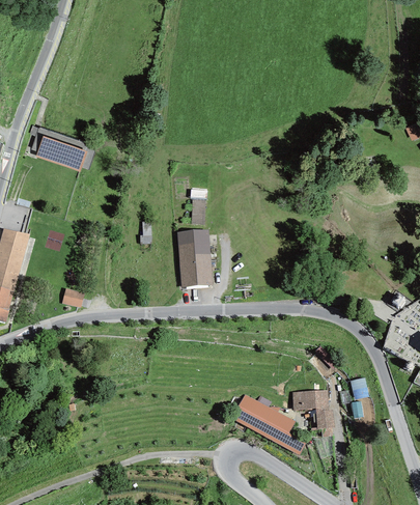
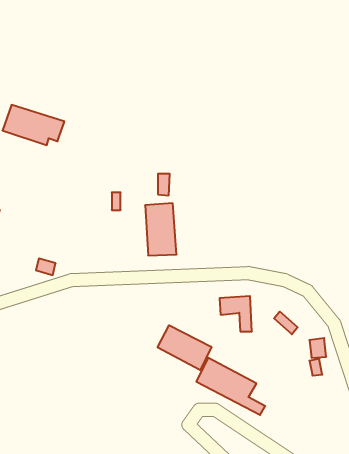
building: none -> [158,325,211,370]
building: [296,391,330,428] -> [220,296,252,331]

